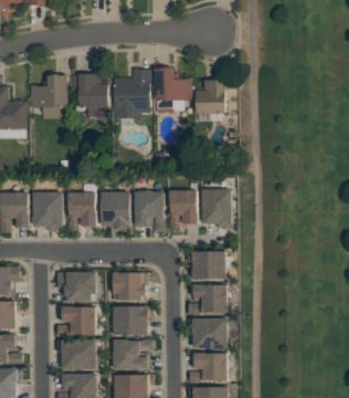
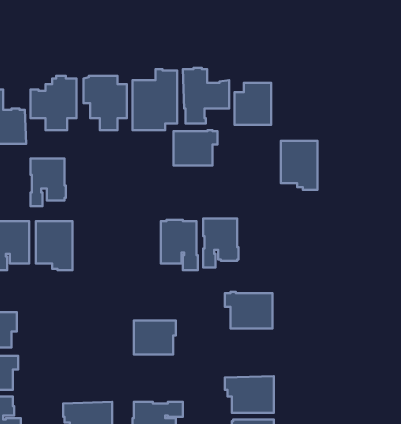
building: none -> [173,130,218,165]
building: [203,190,233,230] -> [281,141,318,190]
building: [102,192,131,232] -> none
building: [68,193,97,232] -> [30,158,66,206]
building: [56,272,96,302] -> none
building: [187,285,228,315] -> none
building: [56,306,95,336] -> none
building: [114,306,154,335] -> none

